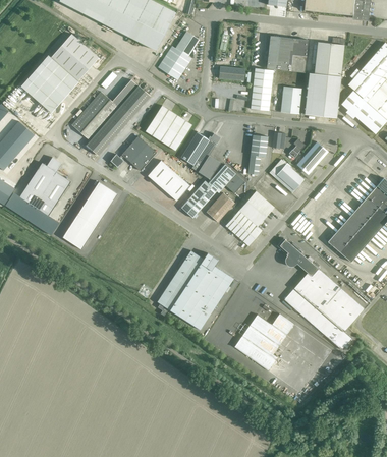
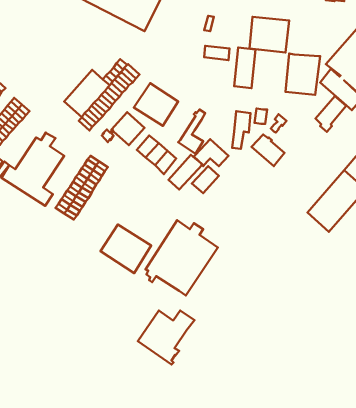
building: [161,31,200,79] -> none
building: [21,34,99,112] -> none
building: [312,37,344,76] -> none
building: [280,85,301,113] -> none
building: [180,130,210,165] -> none
building: [296,140,329,178] -> [315,96,346,132]
building: [225,190,274,245] -> none
building: [277,237,364,349] -> none
building: none -> [101,224,151,273]
building: [234,313,294,370] -> [138,310,195,364]

